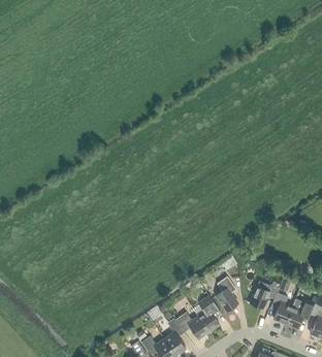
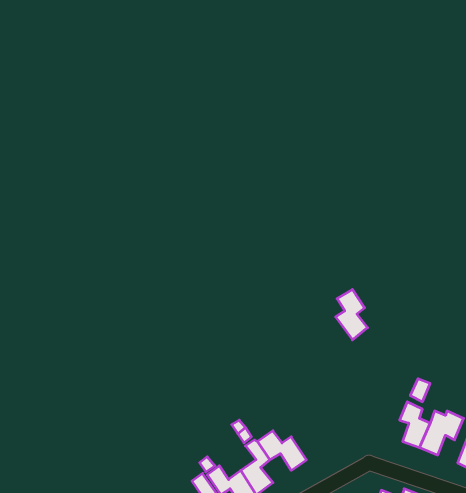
building: [216,277,237,311] -> [336,289,368,340]
building: [250,281,279,307] -> none
building: [196,295,221,331] -> none

